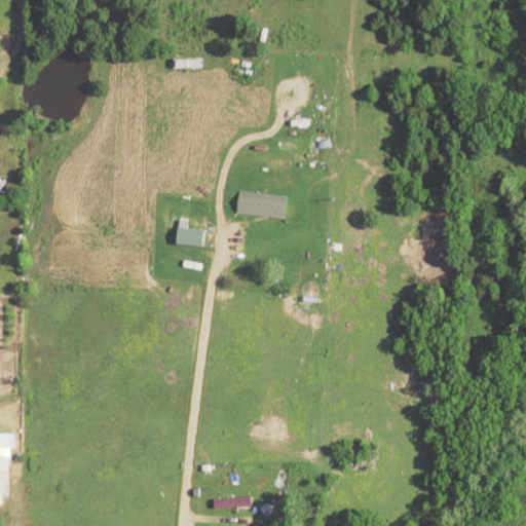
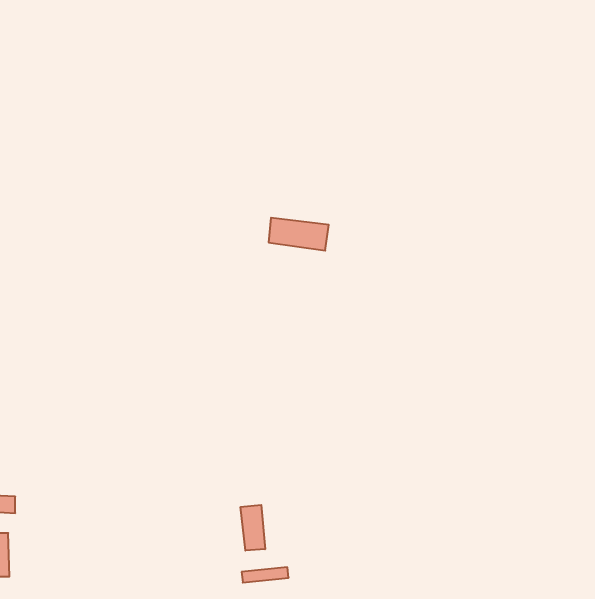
building: [174,227,203,245] -> none
building: none -> [241,505,265,551]

